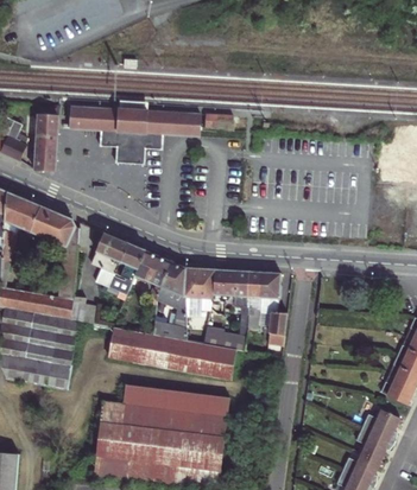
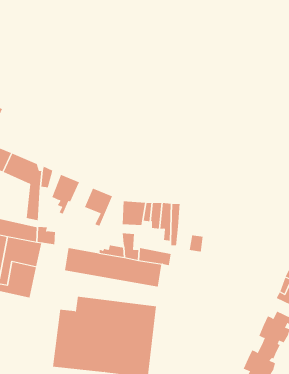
building: [70,108,201,165] -> none
building: [33,115,58,171] -> none
building: [114,240,144,280] -> none
building: [153,257,183,303] -> none
building: [255,267,282,298] -> none

